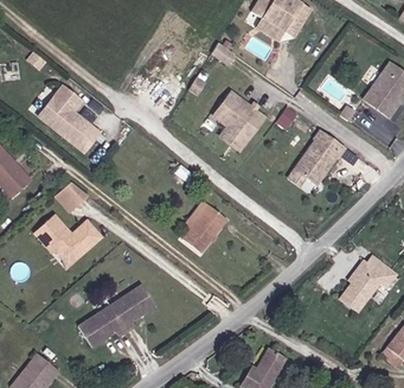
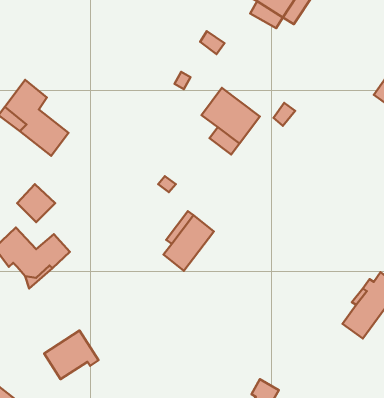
building: [296,131,346,186] -> none
building: [109,285,155,331] -> none

